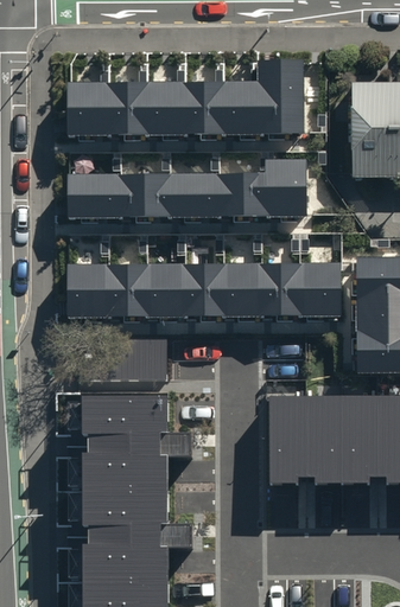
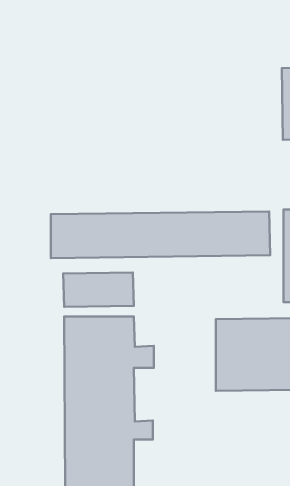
building: [66,60,305,136] -> none
building: [68,160,306,218] -> none

